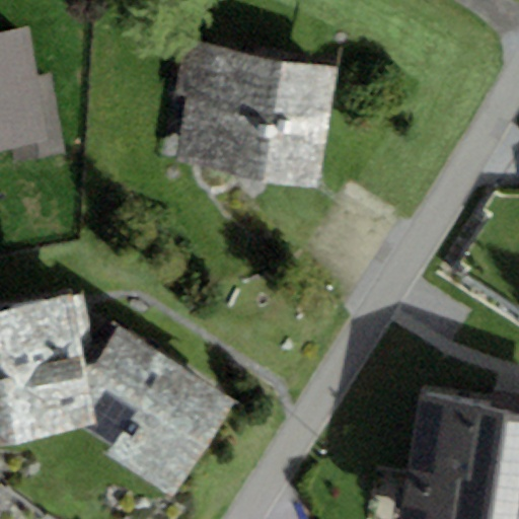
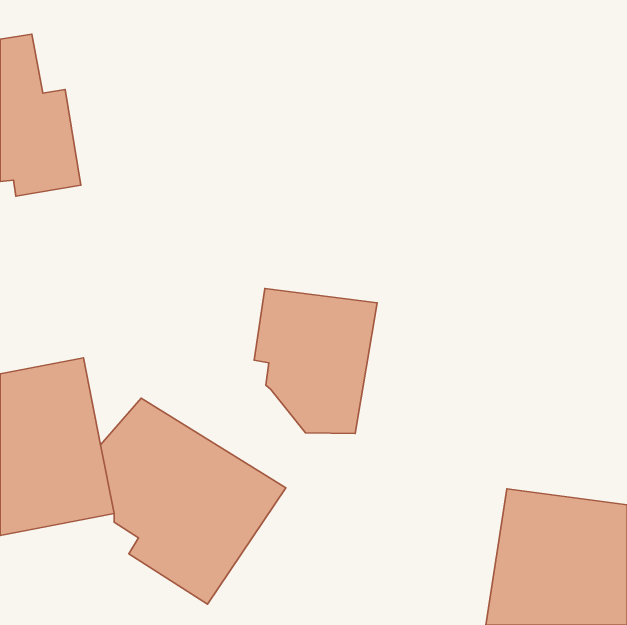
building: [174,43,338,187] -> none
building: none -> [254,288,377,433]

